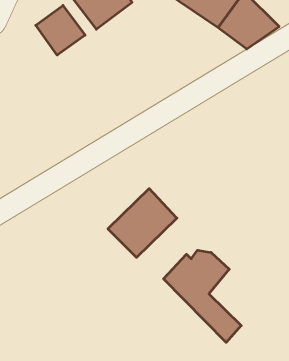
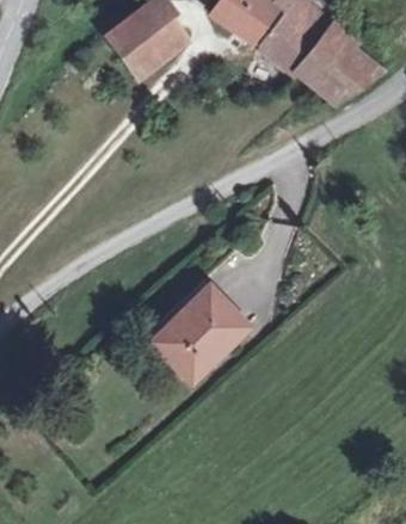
building: [36,5,85,55] -> none
building: [164,250,241,342] -> none

